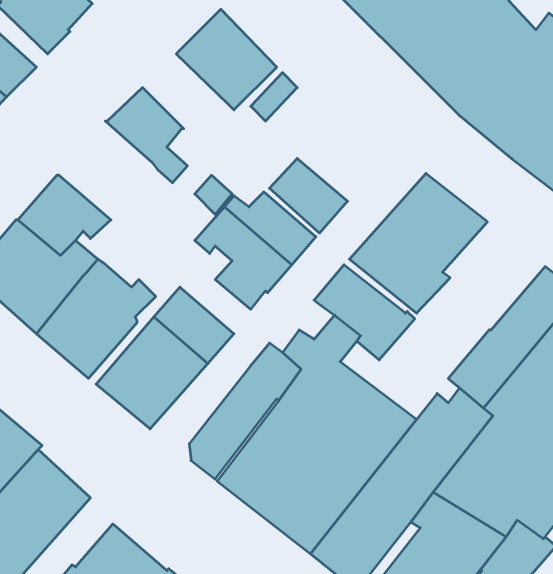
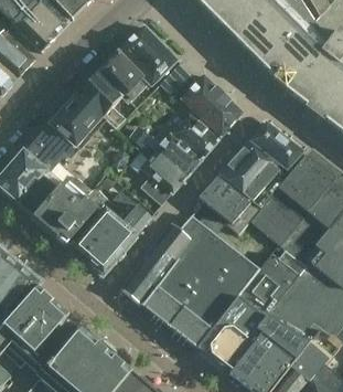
building: none -> [100,51,149,106]
building: none -> [182,73,244,135]
building: none -> [49,91,107,149]
building: none -> [250,153,336,243]

